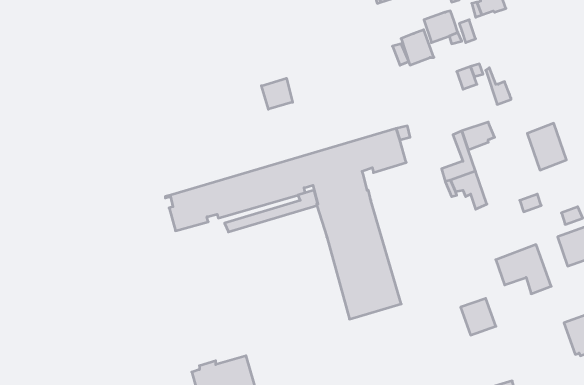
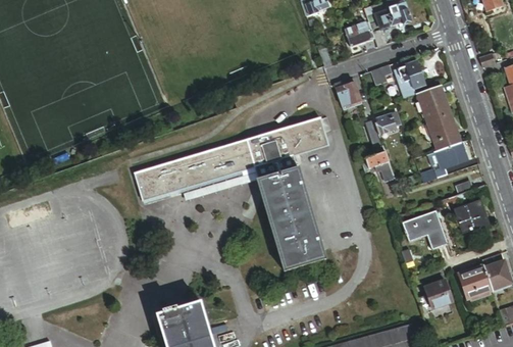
building: [401,30,434,65] -> [337,81,363,109]
building: none -> [398,59,425,89]
building: [261,78,293,109] -> none
building: none -> [418,84,450,120]
building: none -> [435,142,467,168]
building: [461,298,496,335] -> [425,281,454,310]

